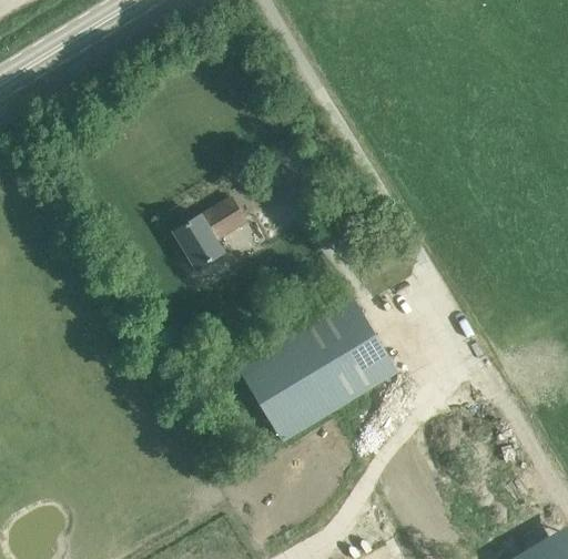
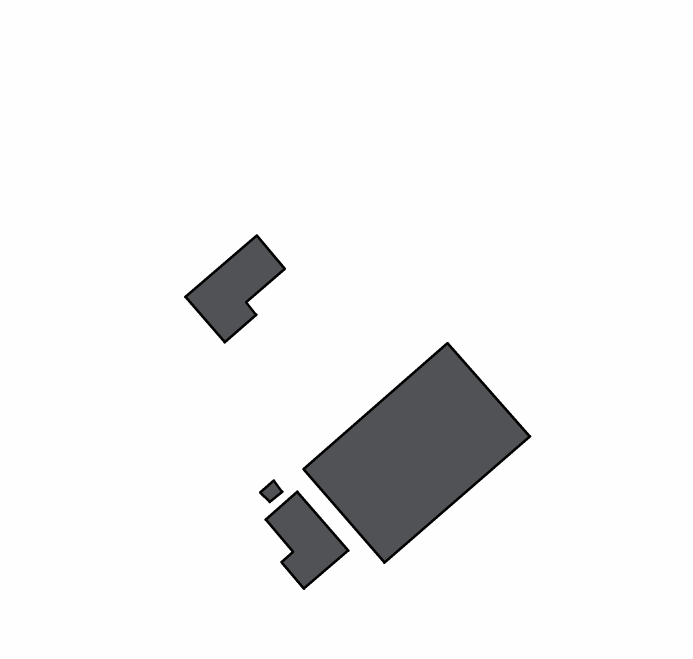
building: none -> [266,492,348,589]

